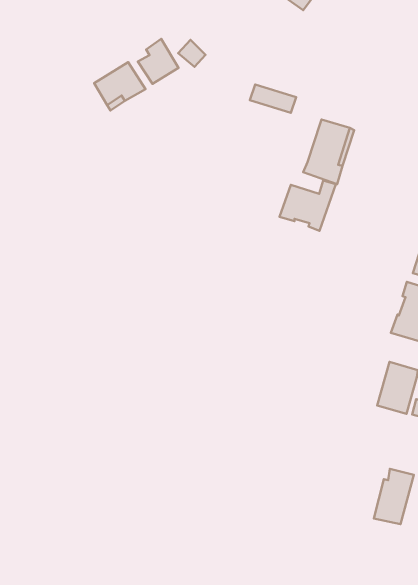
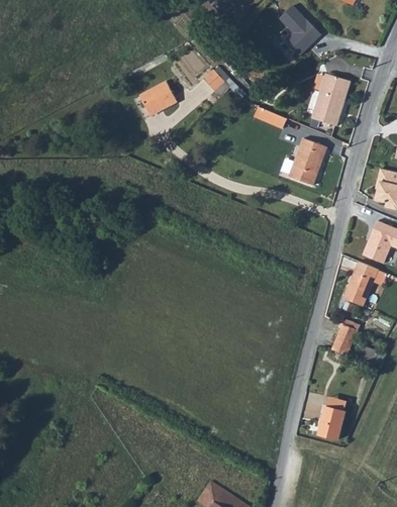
building: none -> [314,73,355,126]
building: [138,39,178,84] -> none
building: [279,180,336,231] -> none

